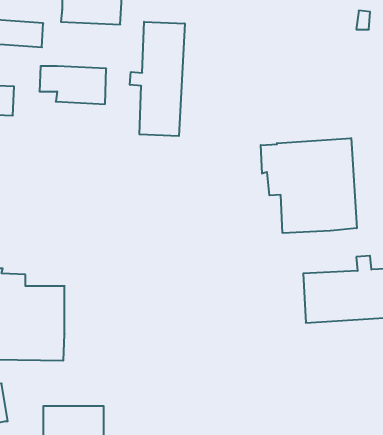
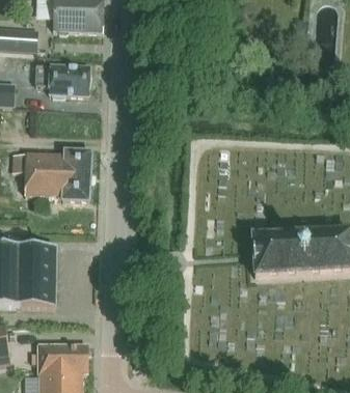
building: [130,22,185,136] -> none
building: [261,138,357,233] -> none
building: none -> [11,151,90,202]

